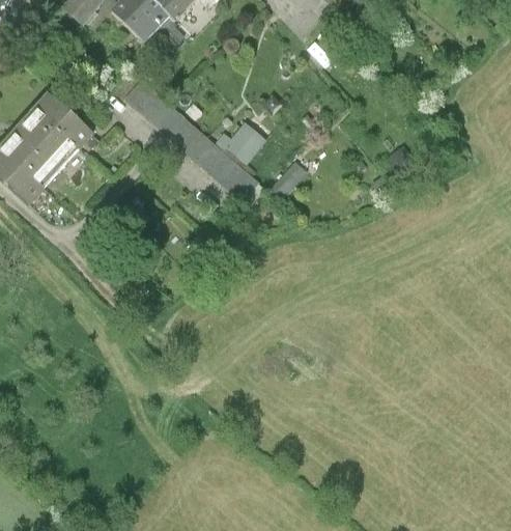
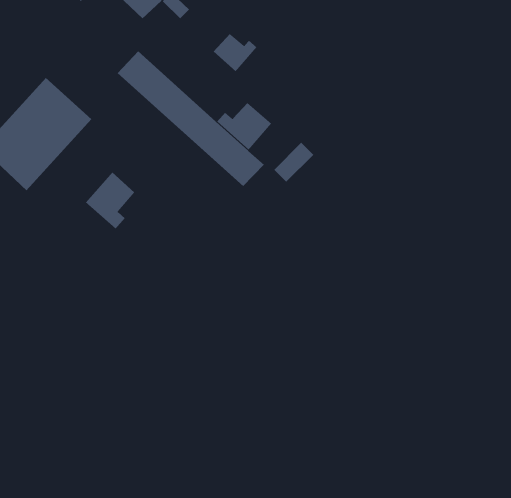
building: none -> [213,33,258,72]
building: none -> [85,172,135,229]

